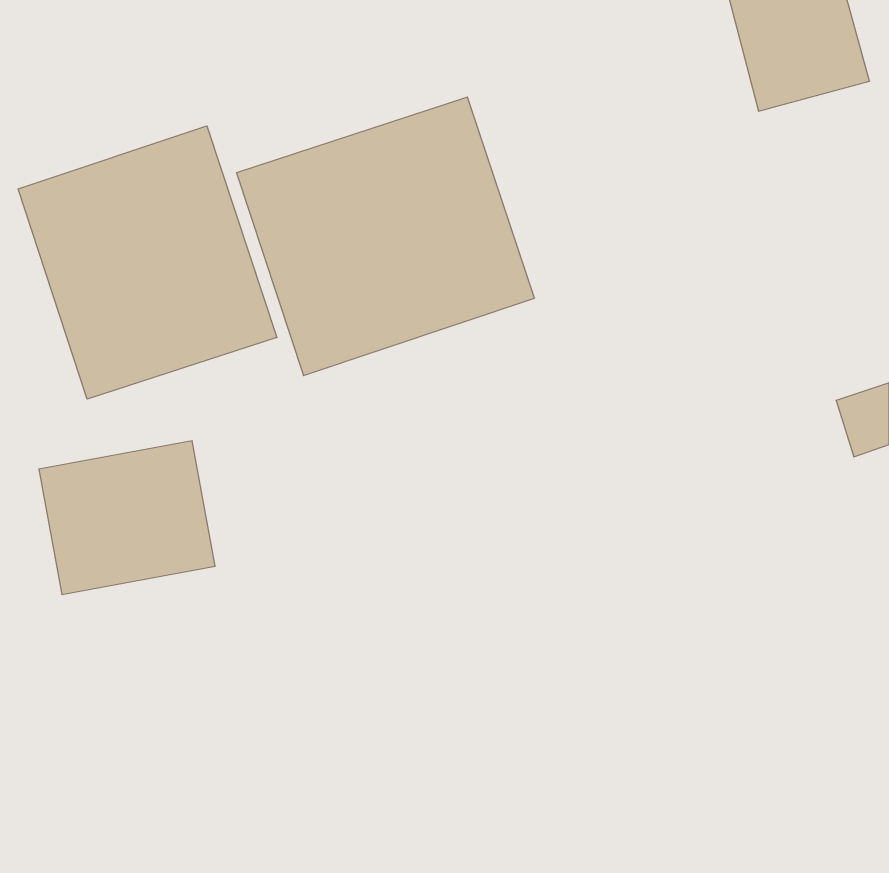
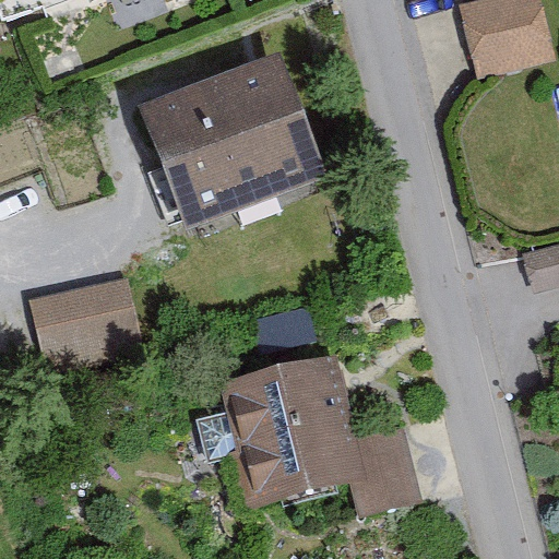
building: [18,126,277,399] -> none
building: none -> [224,358,413,508]

